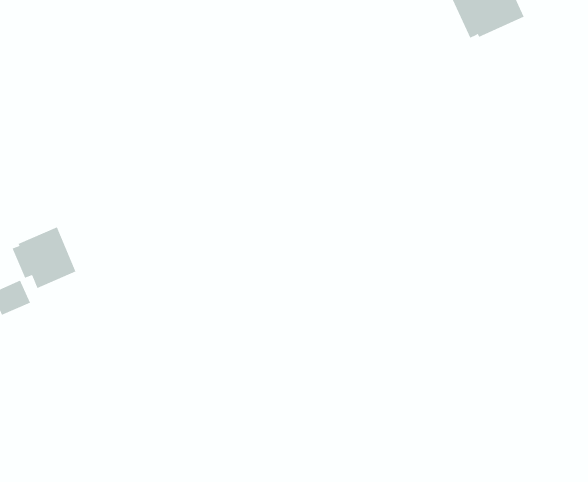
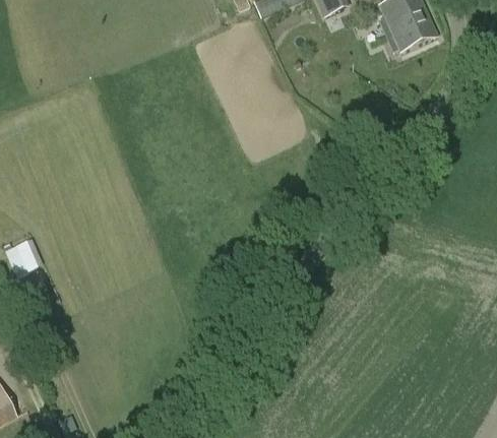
building: [12,227,76,289] -> none

